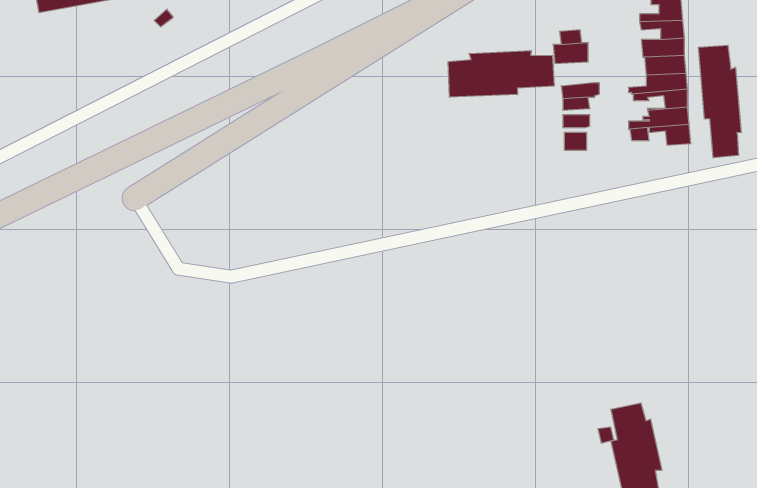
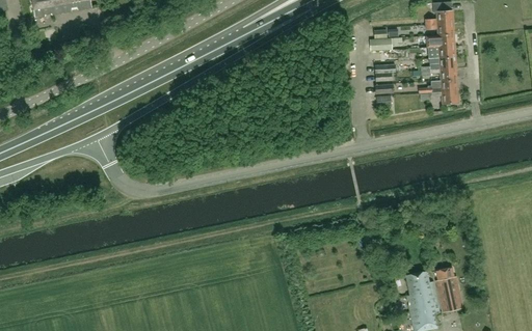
building: [699,45,741,158] -> none
building: [448,50,554,97] -> none
building: none -> [435,268,462,311]

